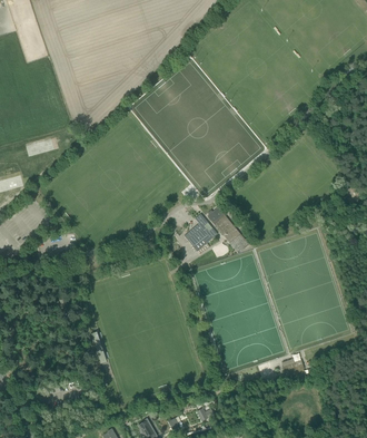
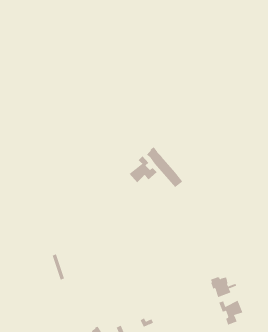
building: none -> [218,300,243,326]

